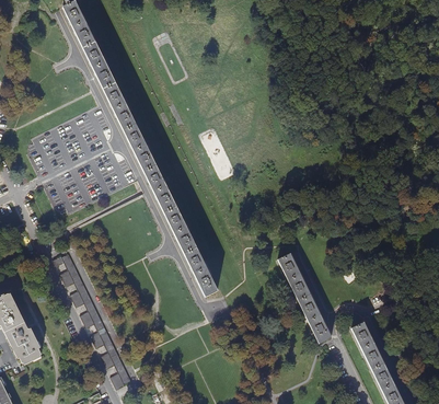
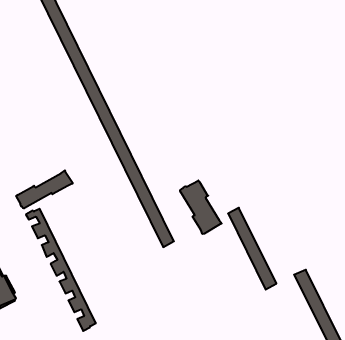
building: none -> [16,170,73,208]
building: none -> [180,180,222,234]

